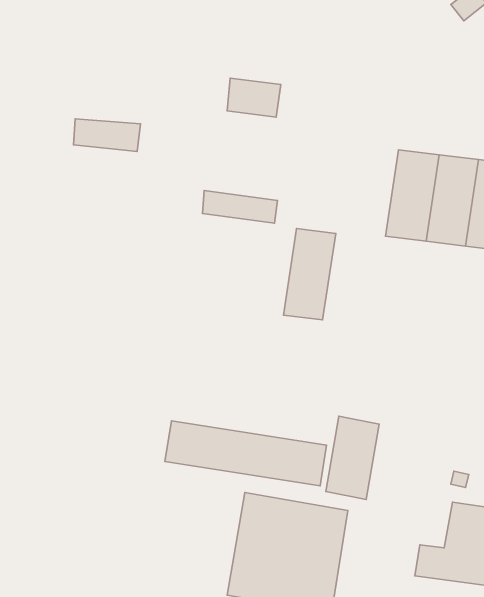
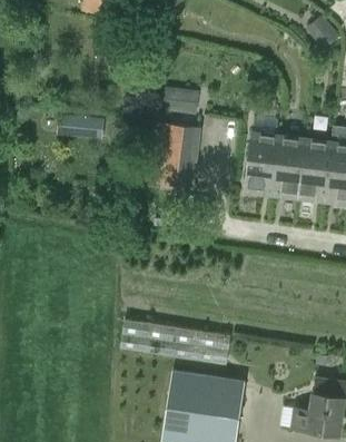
building: none -> [166,121,199,163]
building: [283,229,336,320] -> [243,132,278,195]
building: [326,416,379,500] -> none

